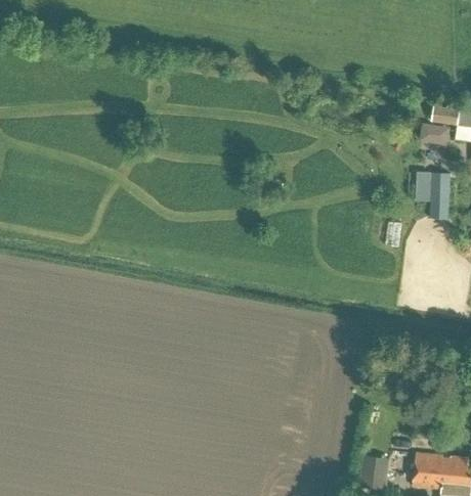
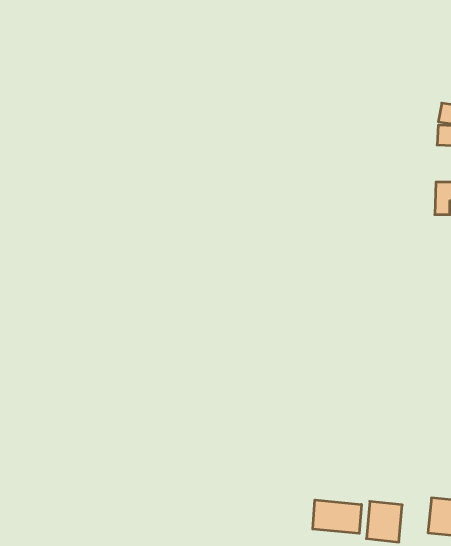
building: none -> [313,500,361,533]

